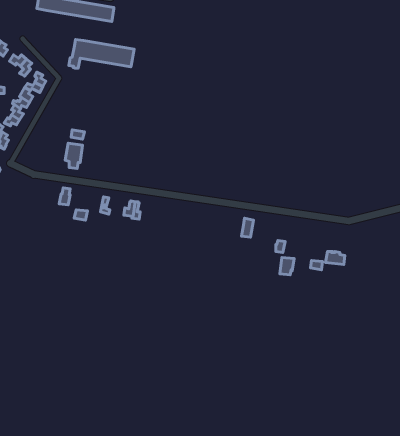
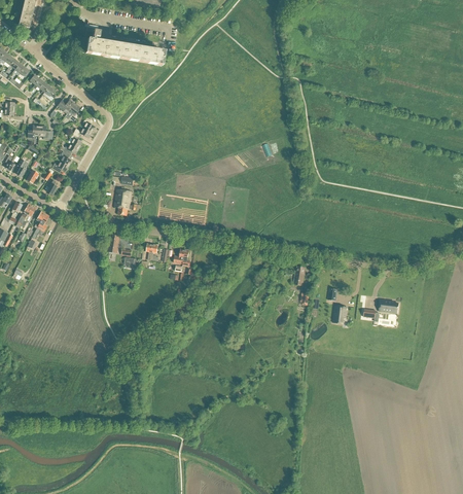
building: [69,39,134,68] -> none

